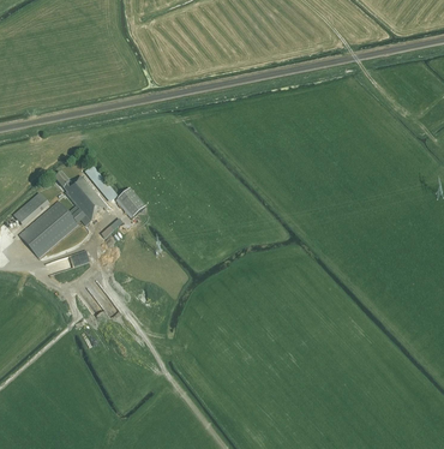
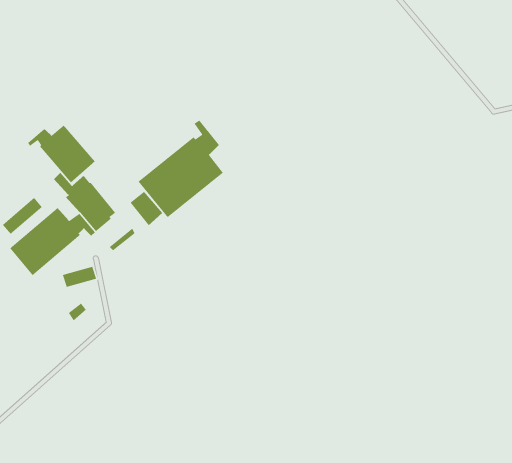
building: none -> [138,119,224,218]
building: none -> [27,124,96,183]

